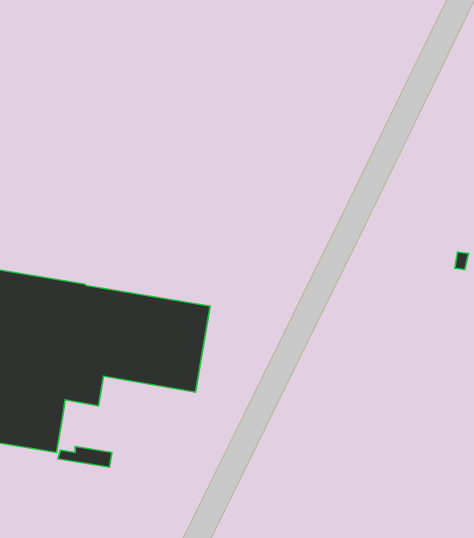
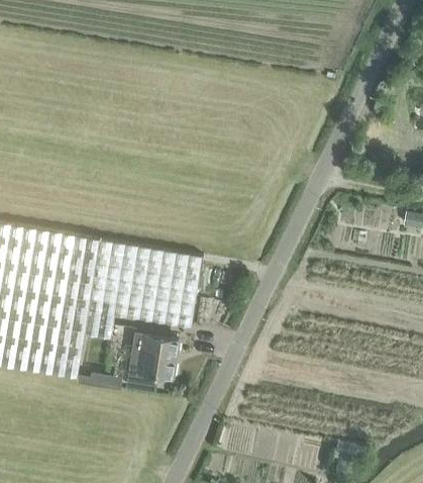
building: none -> [125,333,180,393]

